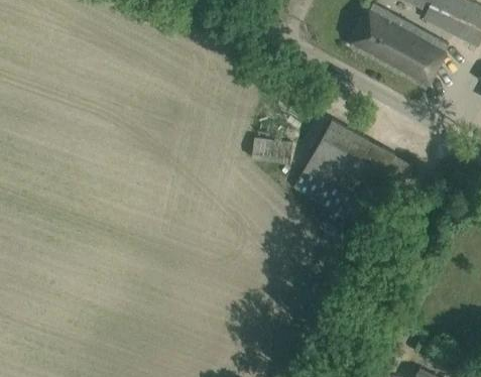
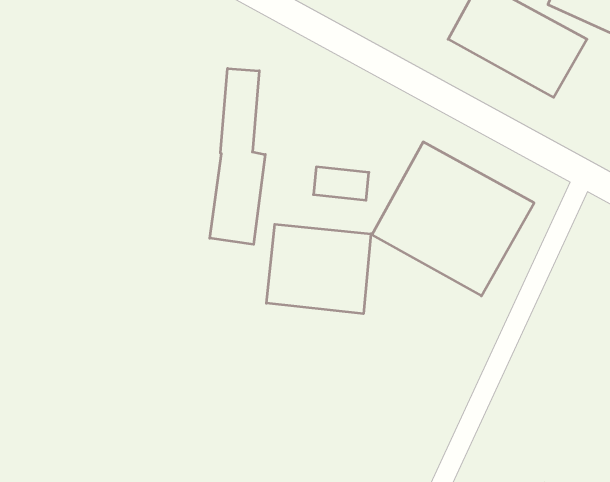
building: none -> [210,68,265,244]
building: none -> [266,224,371,314]

